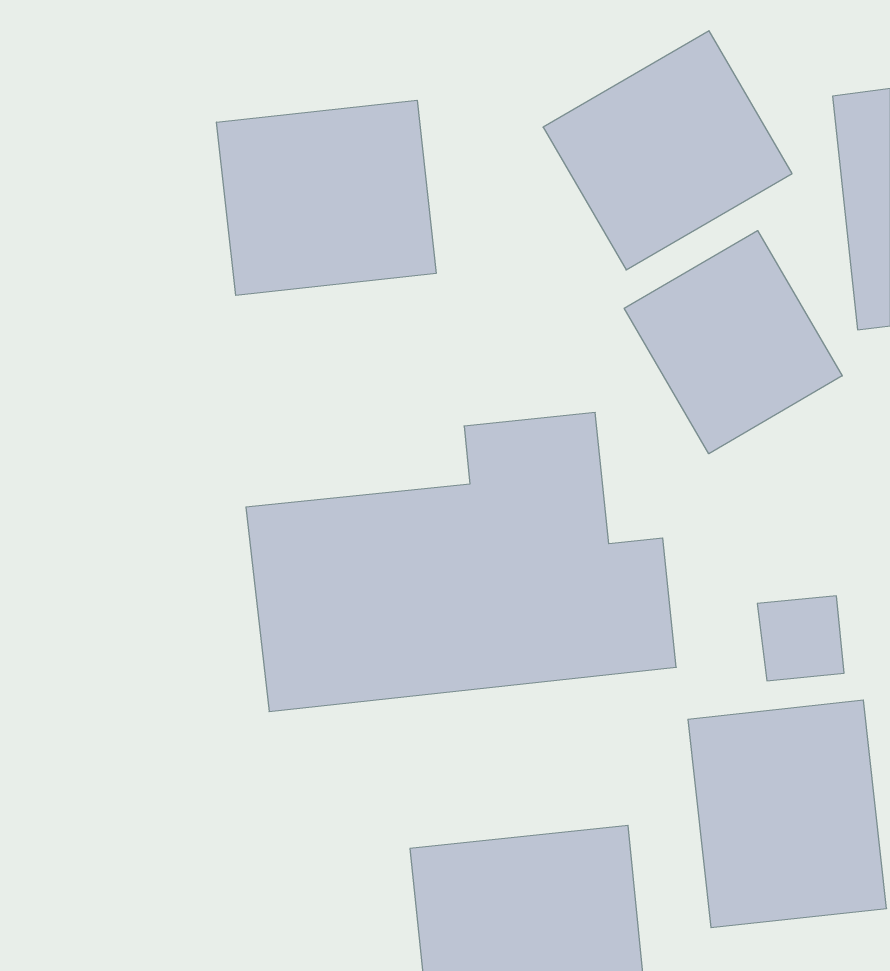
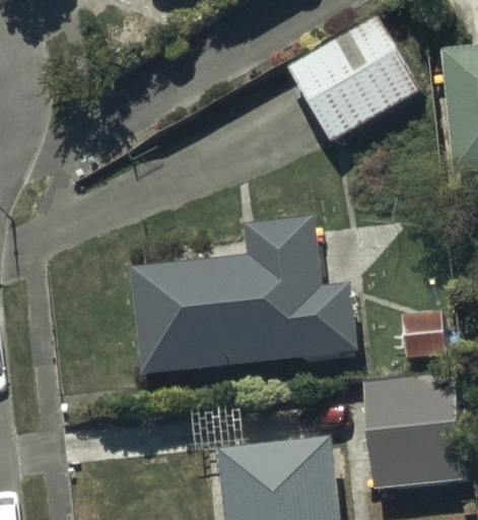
building: [217,100,436,295] -> none
building: [624,231,842,454] -> none

